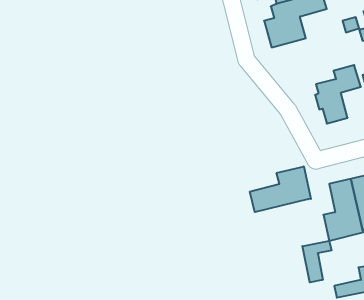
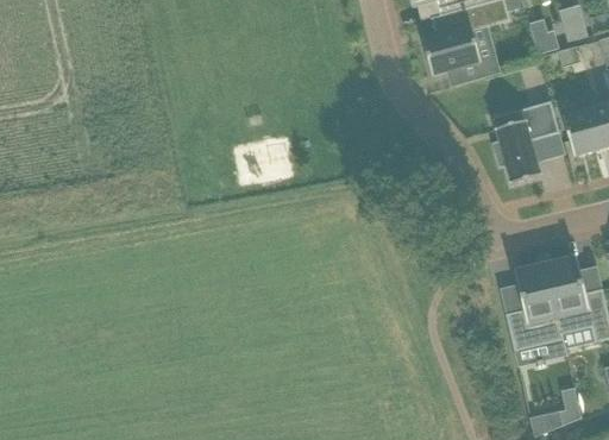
building: [250,166,311,212] -> none
building: [302,241,332,282] -> none

